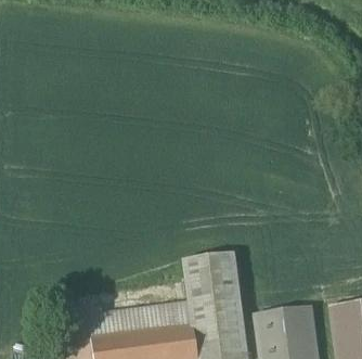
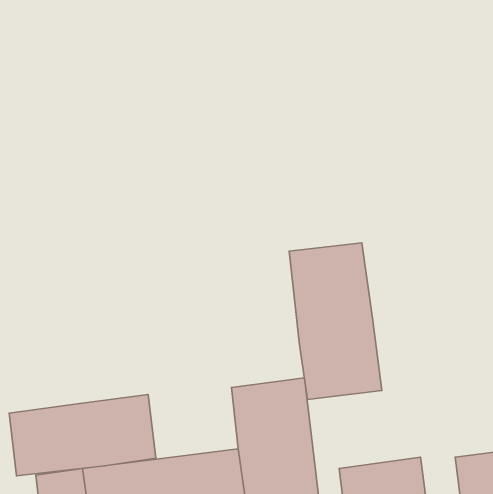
building: none -> [289,243,382,399]
building: none -> [9,394,156,476]

